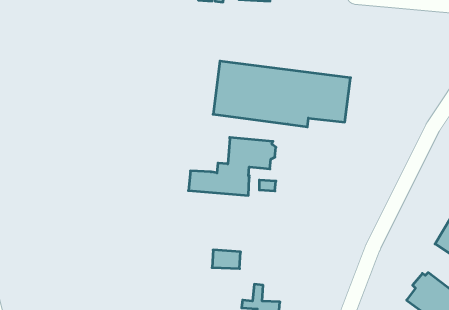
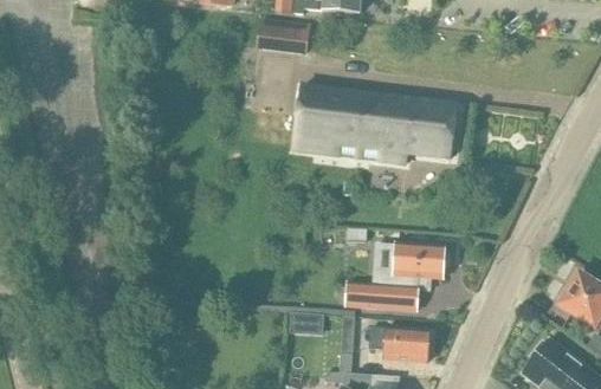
building: none -> [257,20,310,54]
building: [188,137,276,195] -> [344,242,450,312]
building: none -> [368,326,428,363]

